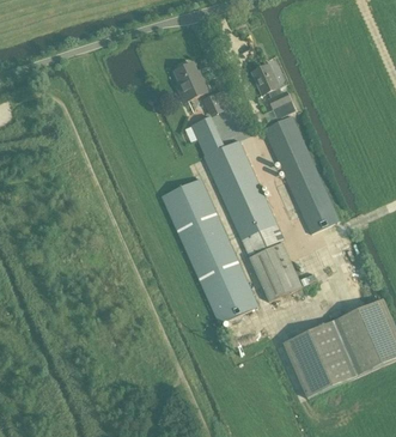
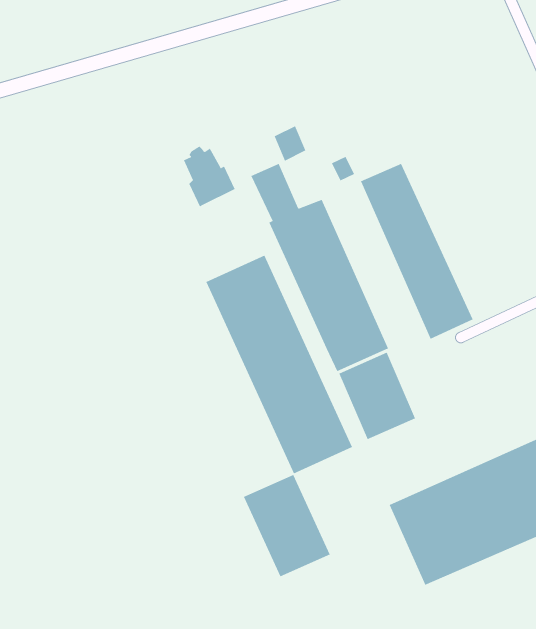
building: [172,60,207,101] -> [183,146,235,207]
building: [250,63,293,117] -> none
building: none -> [243,474,331,577]

